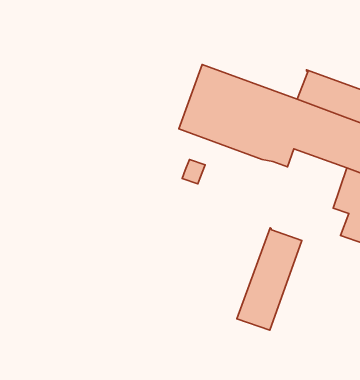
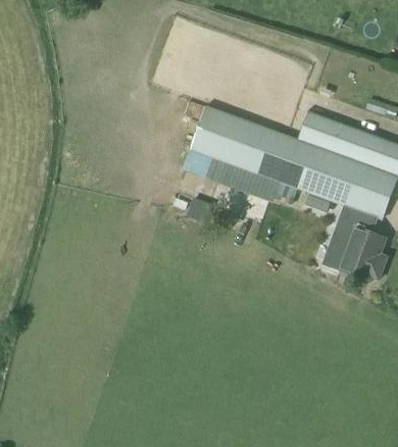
building: [237,228,302,330] -> none

